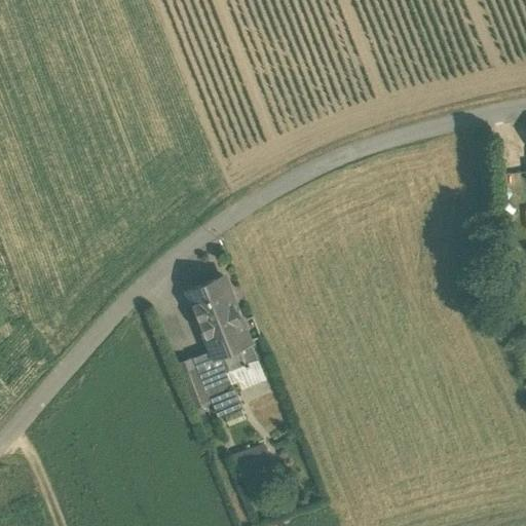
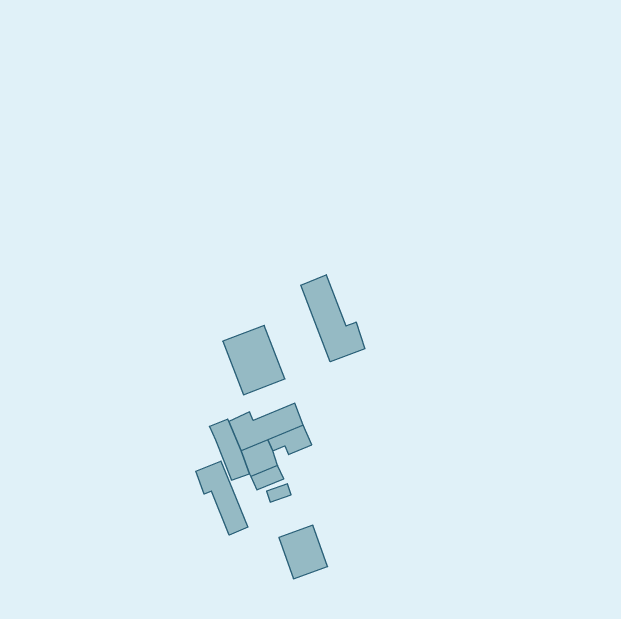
building: none -> [301,275,365,362]
building: [206,320,250,354] -> none
building: none -> [196,461,248,535]

